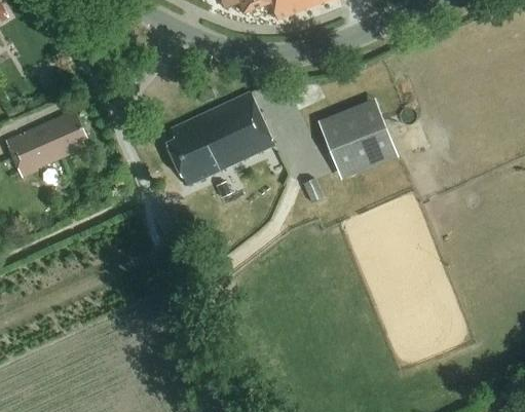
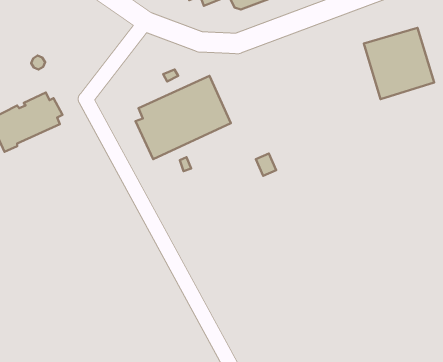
building: [324,98,402,177] -> [364,28,434,99]

